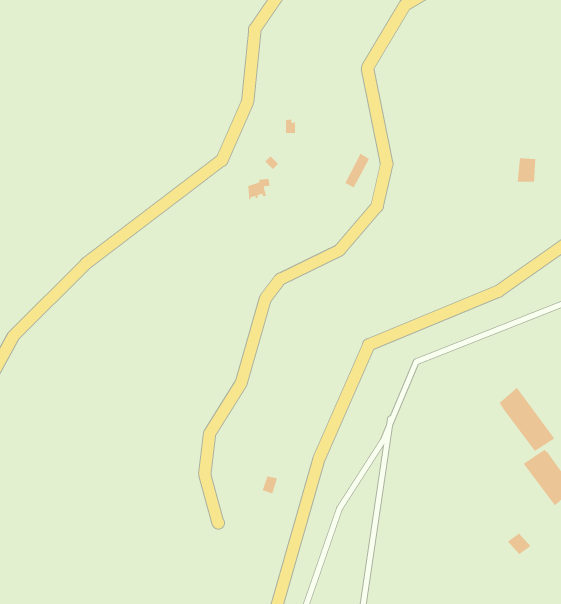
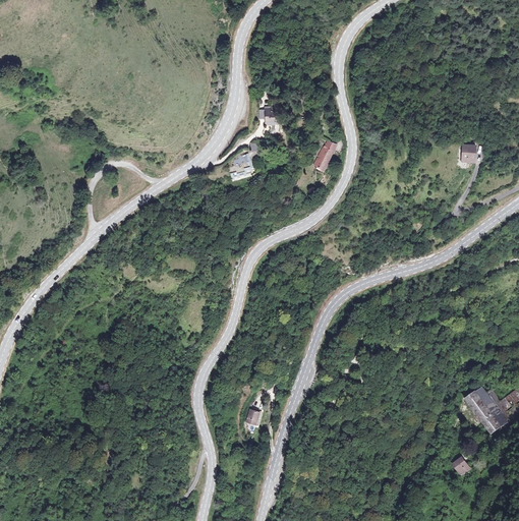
building: [499,387,555,452] -> none

